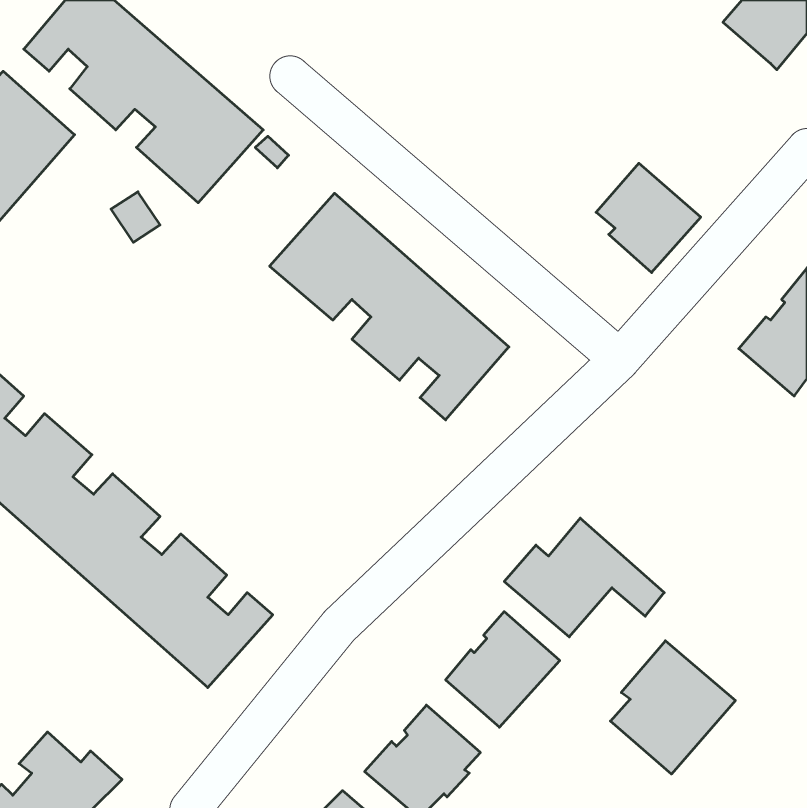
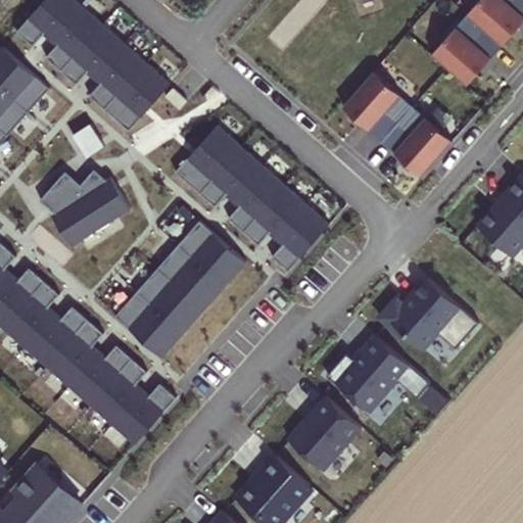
building: none -> [431,15,496,86]
building: none -> [341,72,412,138]
building: none -> [40,170,129,246]
building: none -> [114,221,245,358]
building: none -> [381,279,477,351]
building: [610,641,735,774] -> none

